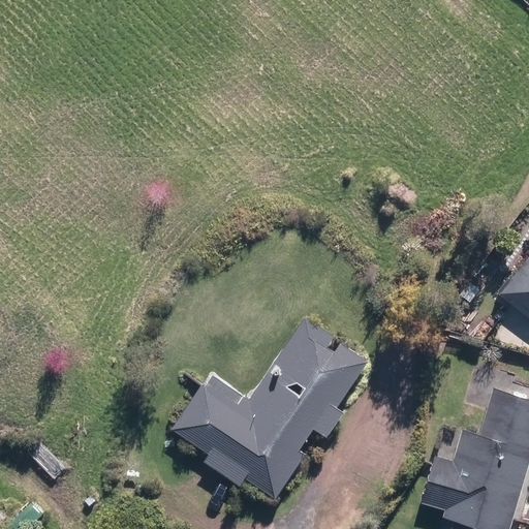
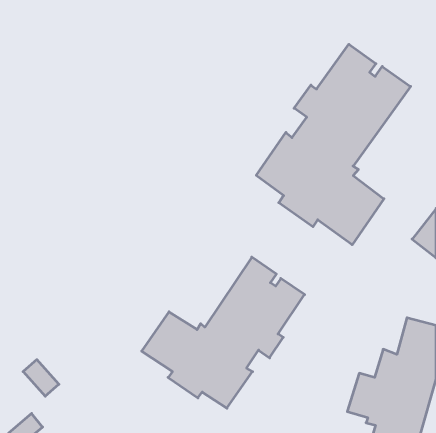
building: none -> [256,44,411,245]

